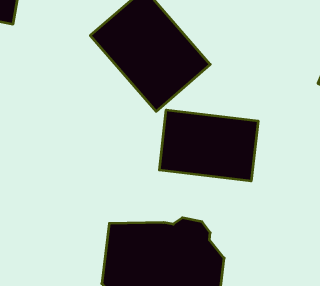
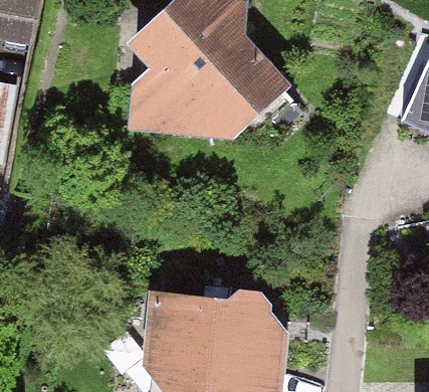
building: [159,110,258,181] -> none

